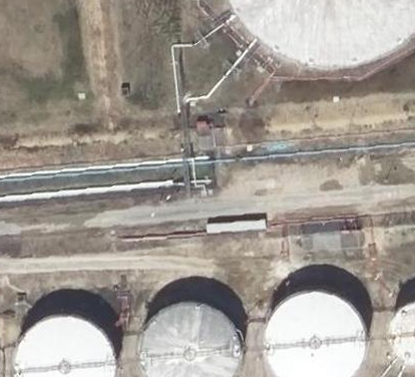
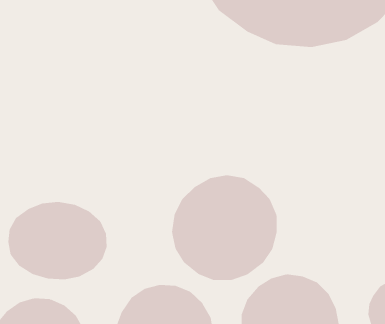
building: none -> [172,175,277,281]
building: none -> [8,201,107,280]

